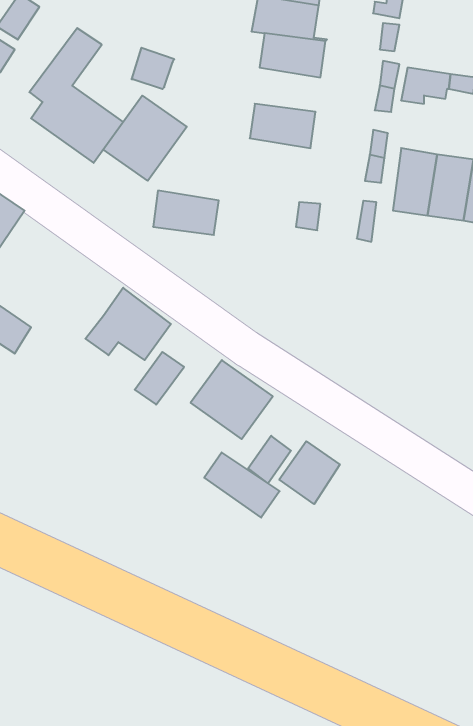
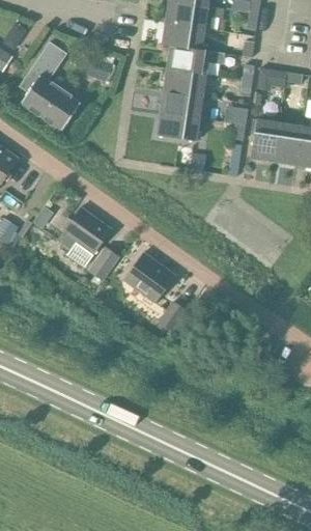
building: none -> [164,67,205,95]
building: [103,96,187,181] -> none
building: [153,191,219,235] -> [158,112,199,140]
building: [279,441,340,504] -> none
building: [204,452,280,518] -> none

